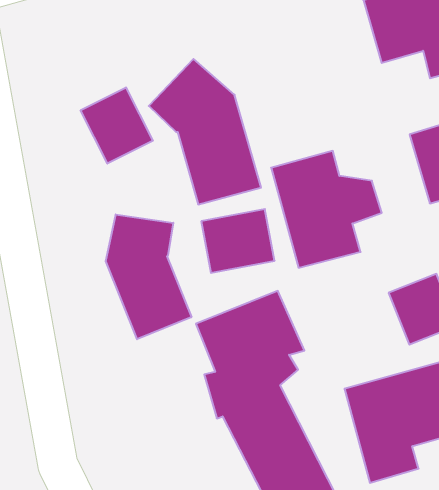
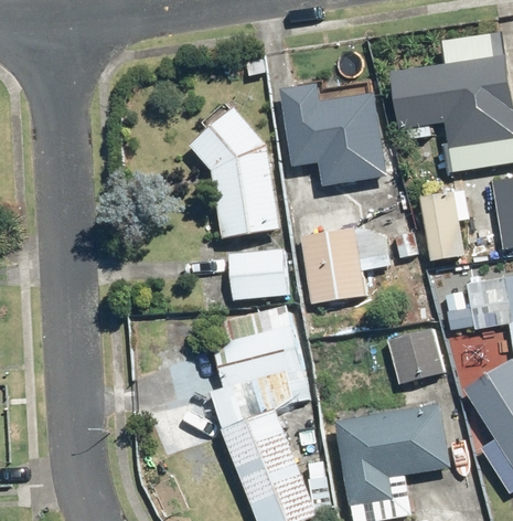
building: none -> [280,83,386,183]
building: [81,87,153,164] -> none
building: [106,214,191,339] -> none

